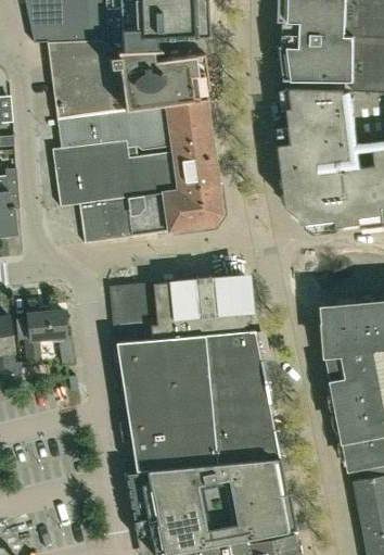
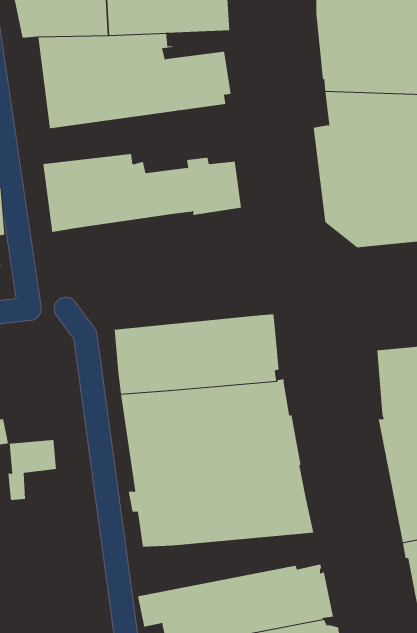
building: [56,98,213,149] -> none
building: [78,185,221,242] -> none
building: [24,311,65,362] -> [8,440,57,500]
building: [123,457,284,510] -> none

